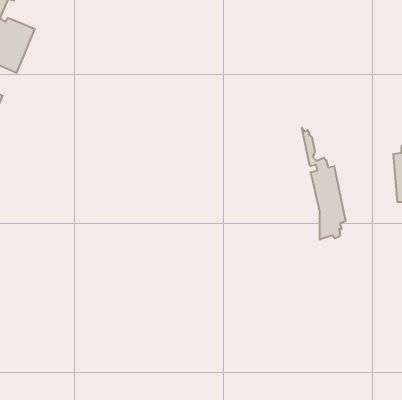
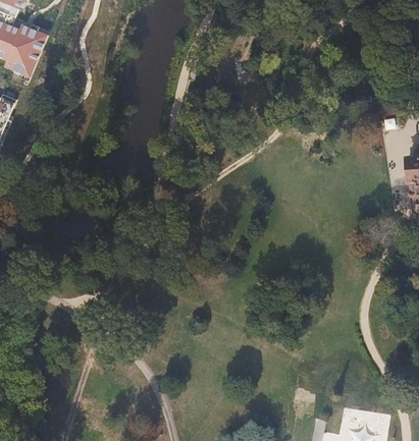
building: [302,127,346,240] -> none

